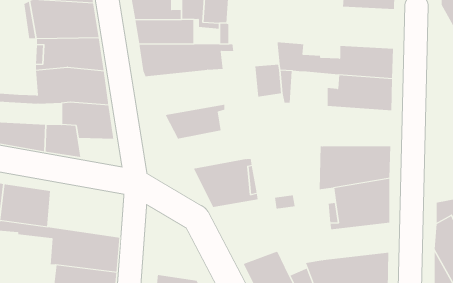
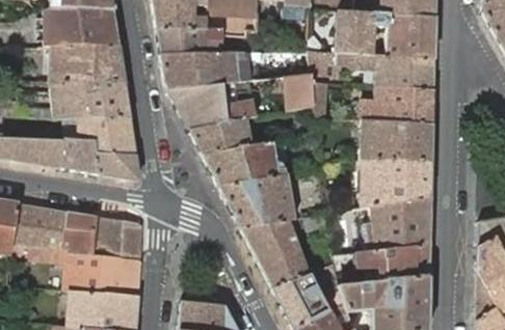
building: none -> [336,11,435,58]
building: none -> [168,81,258,129]
building: none -> [358,119,432,162]
building: none -> [204,141,284,186]
building: none -> [98,154,140,181]
building: none -> [65,210,142,259]
building: none -> [241,218,310,287]
building: none -> [354,244,430,283]

